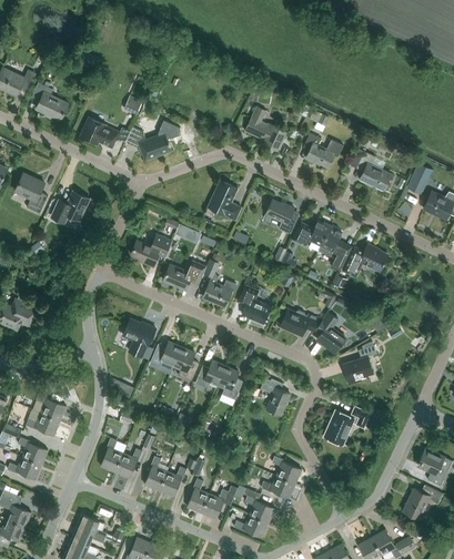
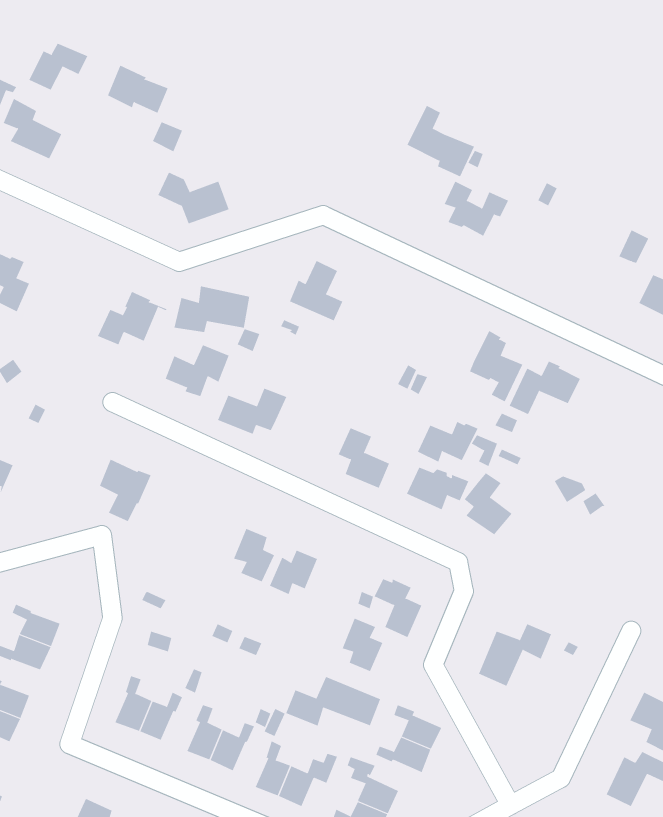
building: none -> [29,43,88,91]
building: [244,106,286,151] -> [407,105,475,177]
building: [81,118,119,148] -> [107,65,169,113]
building: [350,149,391,190] -> none
building: [51,190,94,223] -> [97,291,167,345]
building: none -> [174,286,250,333]
building: [265,200,296,233] -> none
building: [293,221,331,246] -> [417,421,479,463]
building: [202,260,236,307] -> none
building: [123,318,155,357] -> [99,459,152,522]
building: [150,342,181,369] -> none
building: [343,345,377,385] -> none
building: [218,366,243,399] -> [342,618,383,672]
building: none -> [285,676,381,726]

